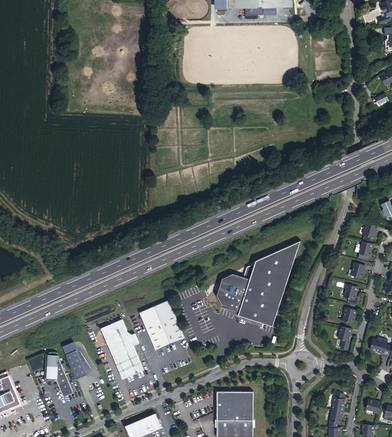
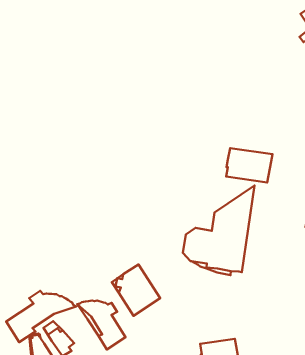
building: none -> [226,148,272,182]
building: none -> [6,291,76,342]

